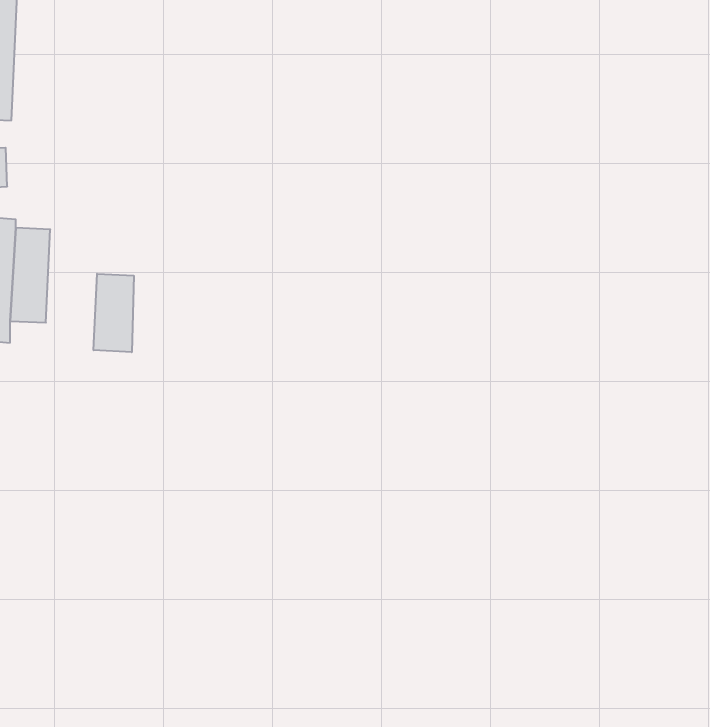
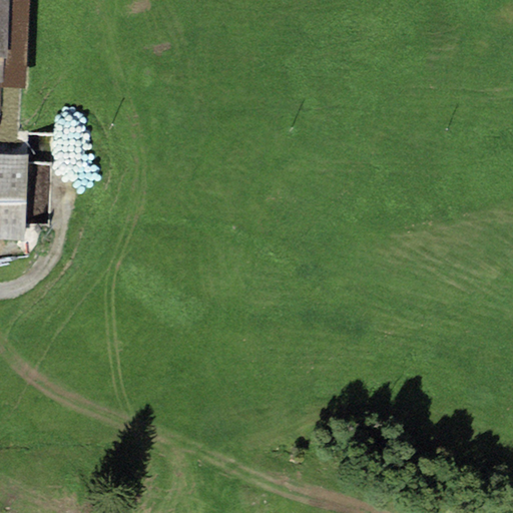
building: [94,274,134,352] -> none

